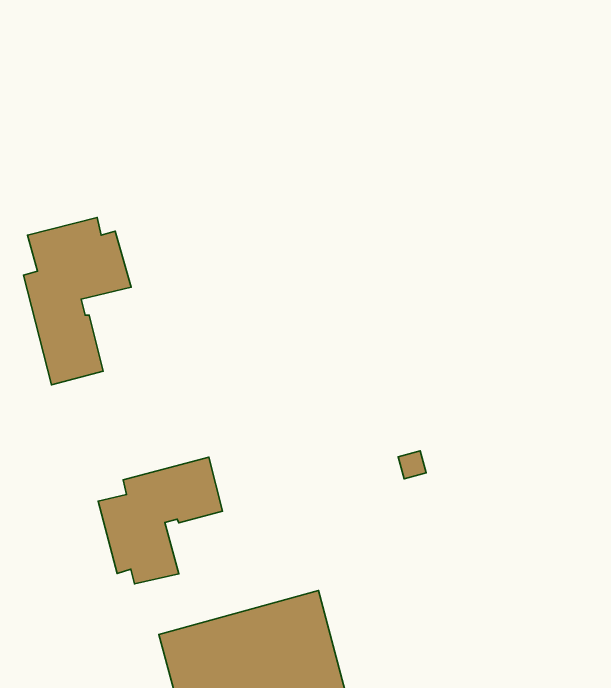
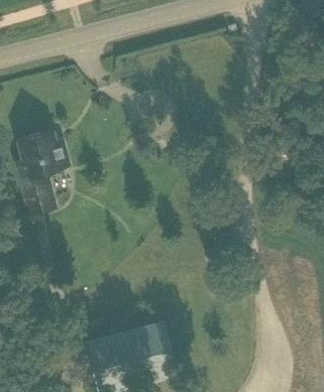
building: [98,457,222,584] -> none

